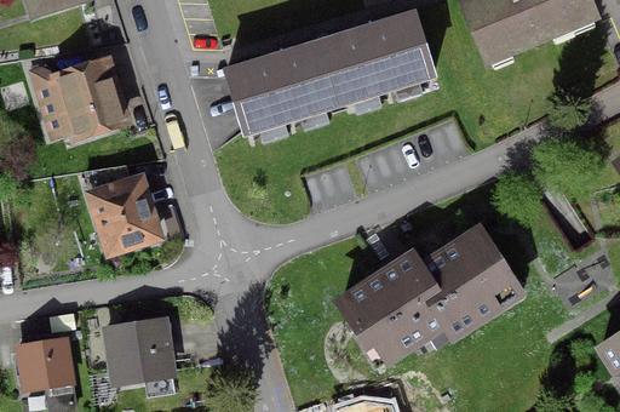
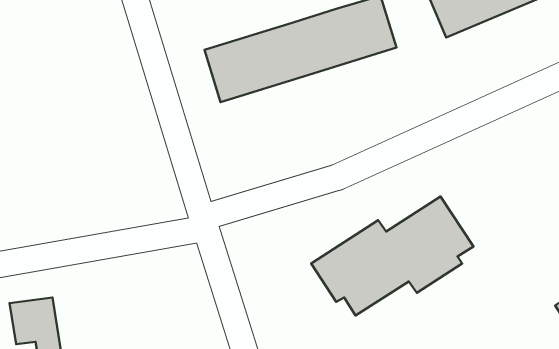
building: [31,62,124,133] -> none
building: [85,166,156,250] -> none
building: [107,320,171,380] -> none

